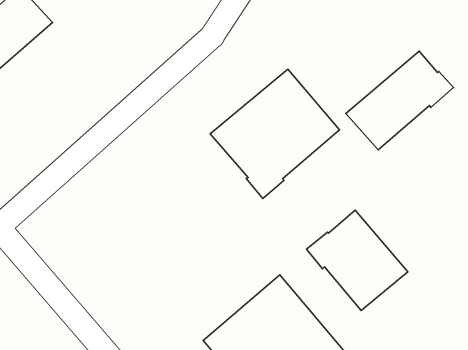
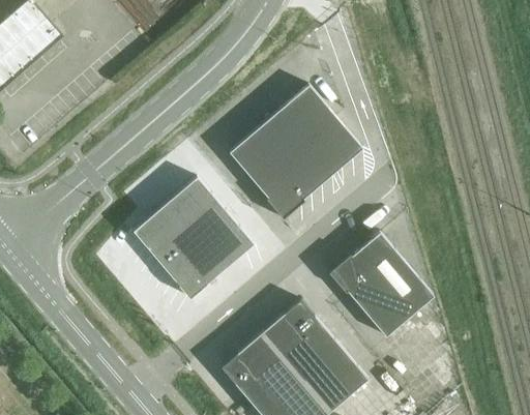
building: [346,51,453,150] -> none
building: none -> [135,175,256,296]

